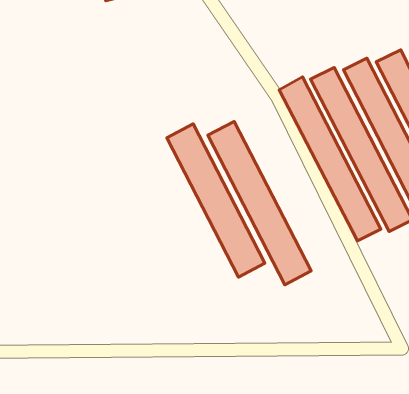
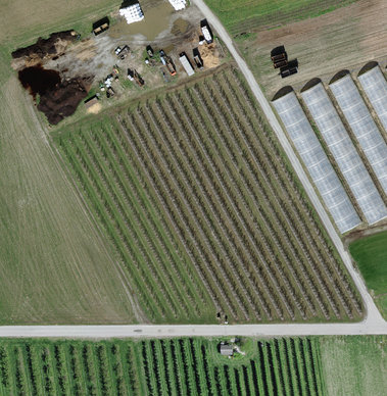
building: [208,121,311,285] -> none
building: [167,124,265,277] -> none

